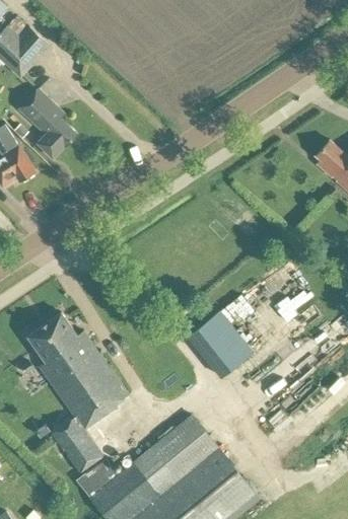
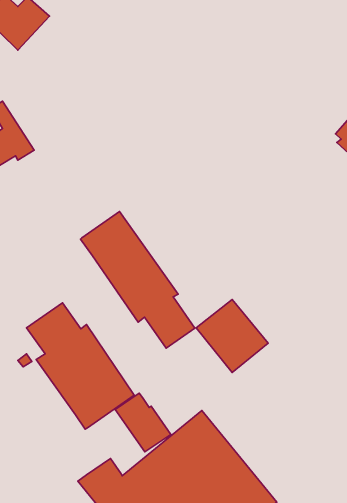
building: [20,90,79,159] -> none
building: none -> [81,212,195,348]
building: [52,418,103,472] -> [115,393,171,452]

